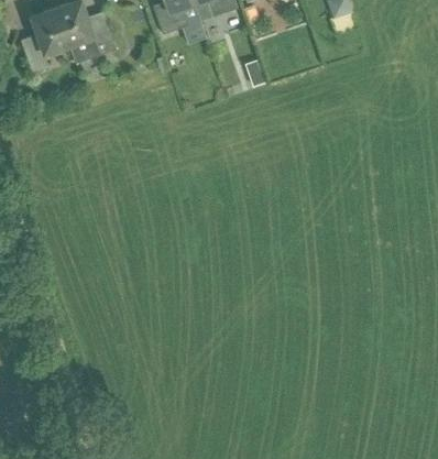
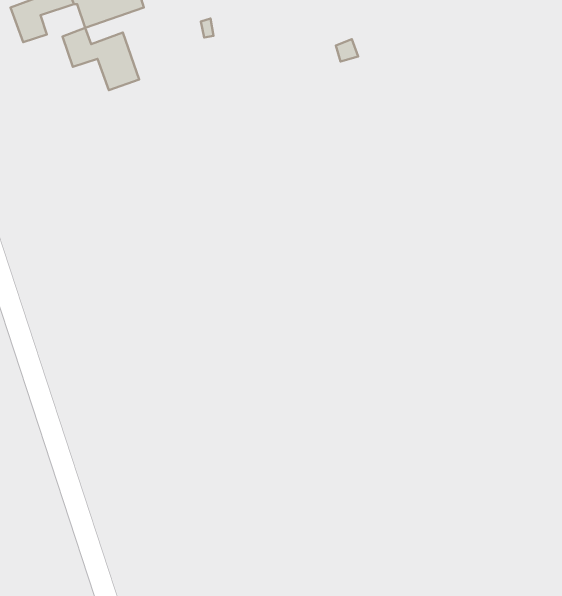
building: none -> [62,28,139,90]

